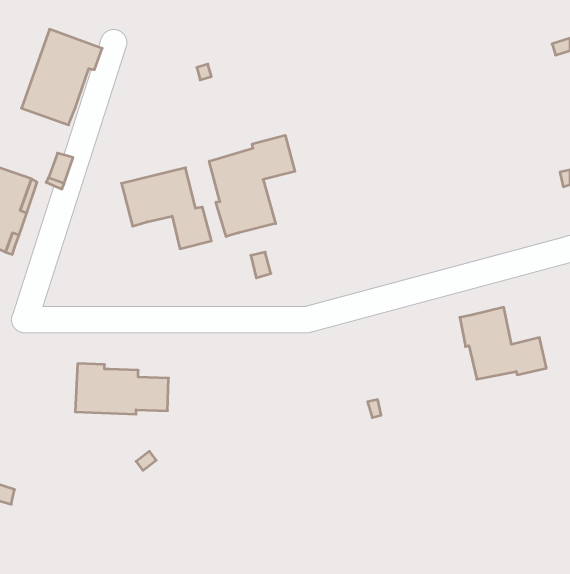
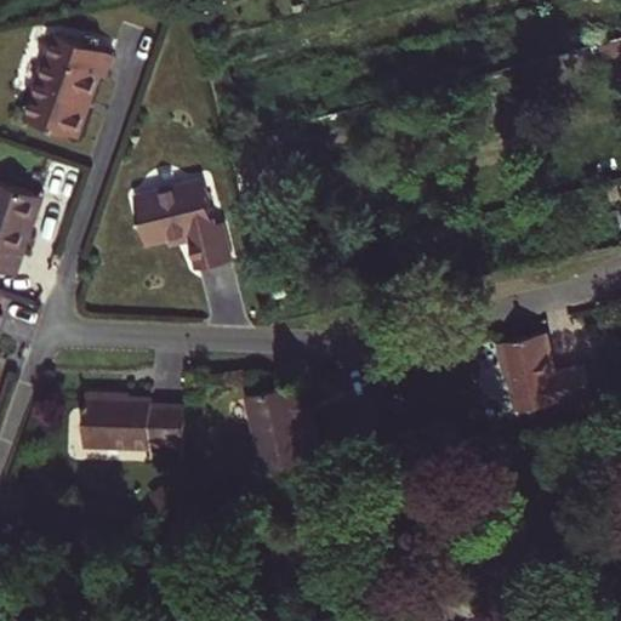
building: [209,135,295,237] -> none
building: none -> [244,386,318,471]

